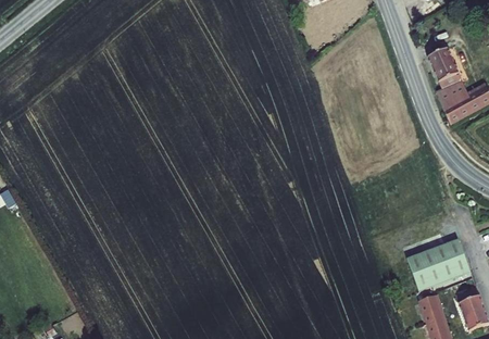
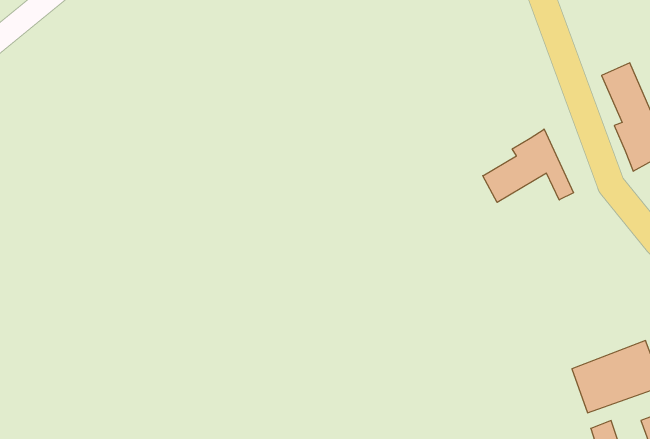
building: none -> [483,129,574,202]

